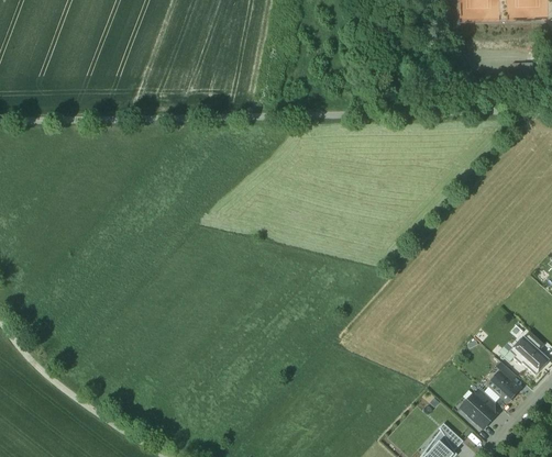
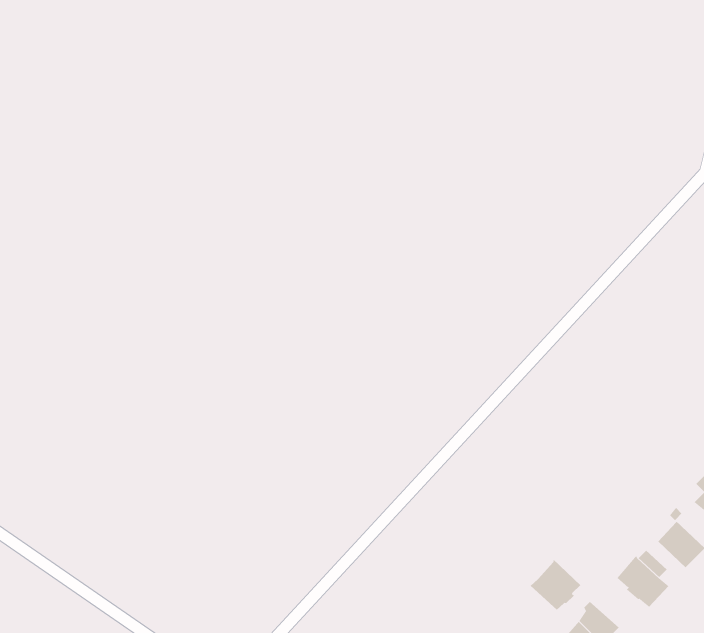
building: none -> [530,559,581,611]

